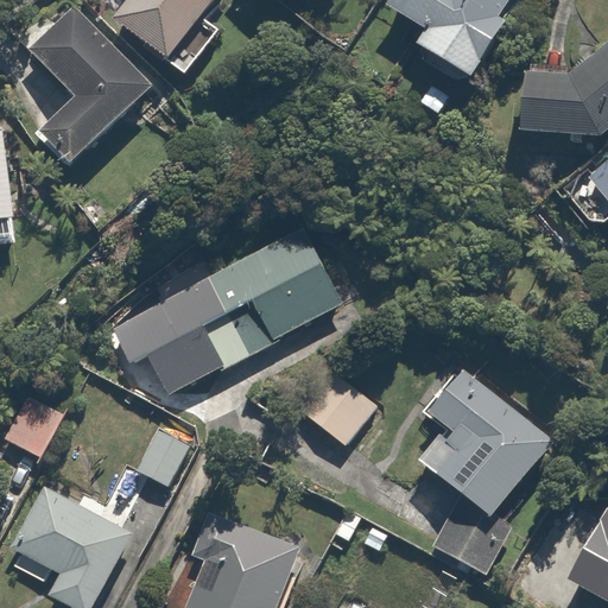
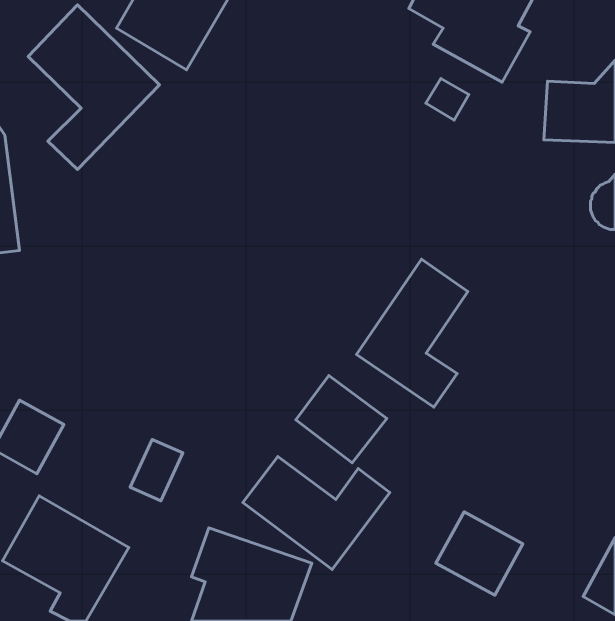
building: [109,227,346,397] -> none
building: none -> [356,259,468,407]
building: [423,369,555,515] -> none
building: none -> [243,456,390,569]

